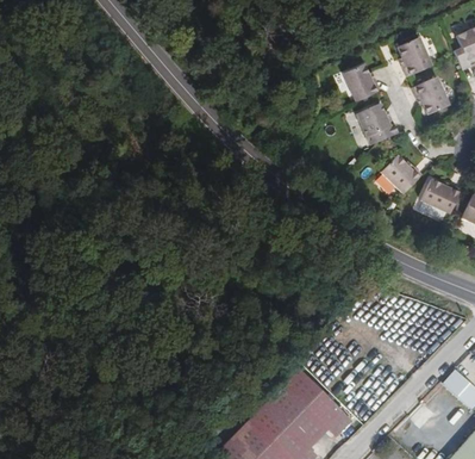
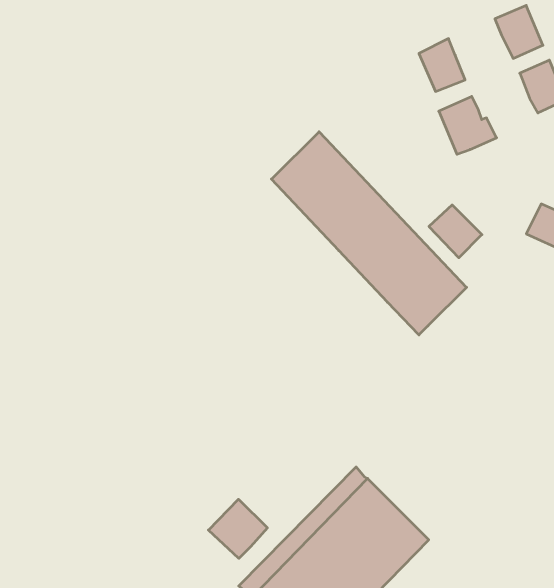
building: none -> [271,132,467,335]
building: [380,156,418,194] -> [429,205,482,258]
building: none -> [208,499,267,558]

